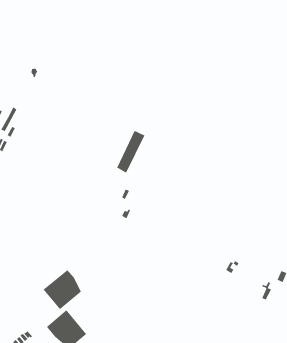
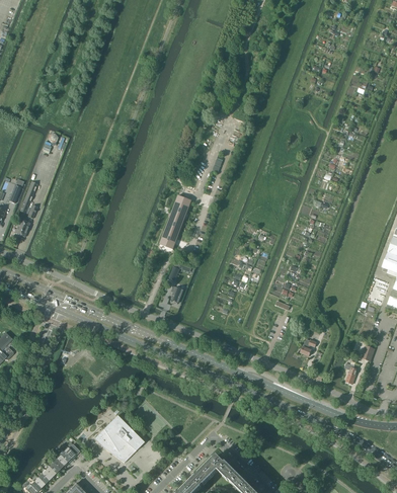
building: [43,269,82,310] -> none

